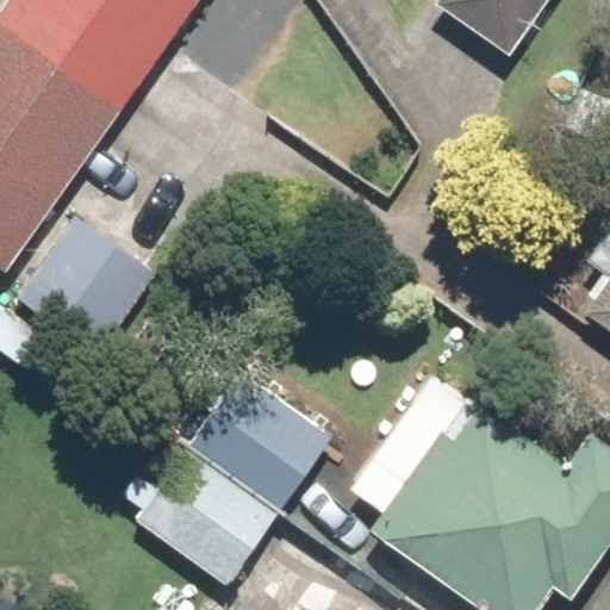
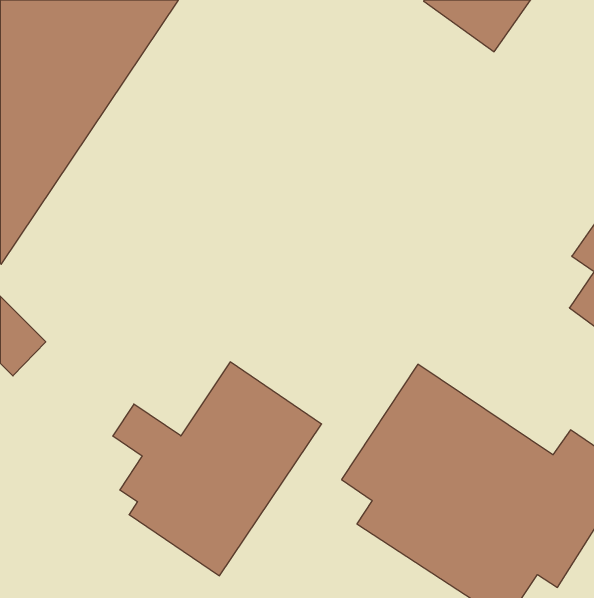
building: [17,214,160,355] -> none

